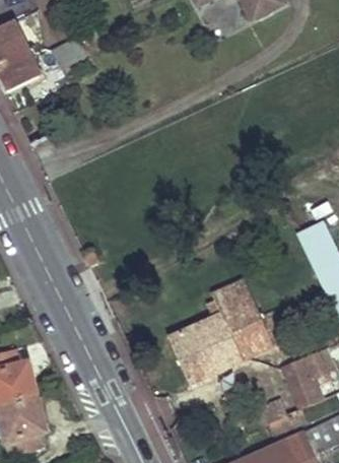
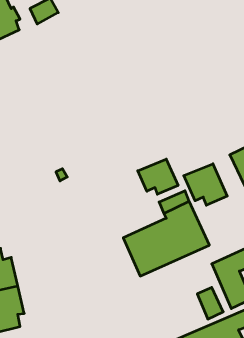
building: none -> [138,159,178,194]
building: none -> [184,164,227,205]

